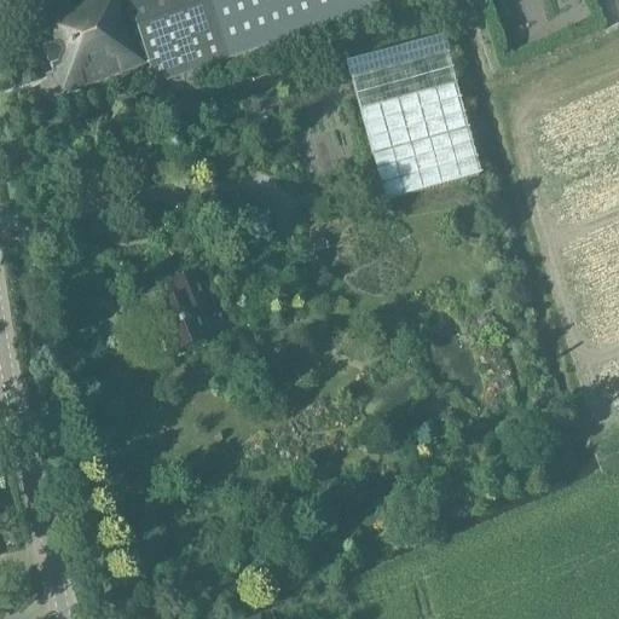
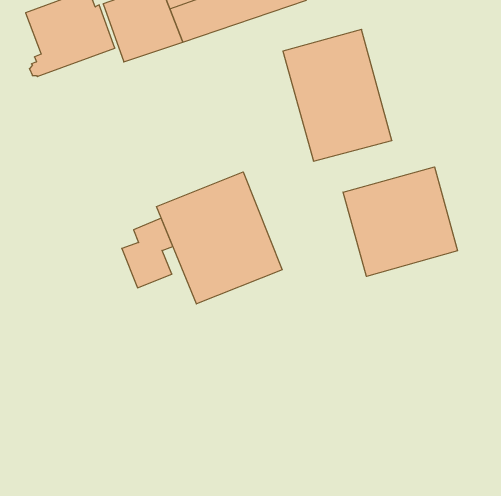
building: none -> [343,167,457,276]
building: none -> [157,172,282,304]

